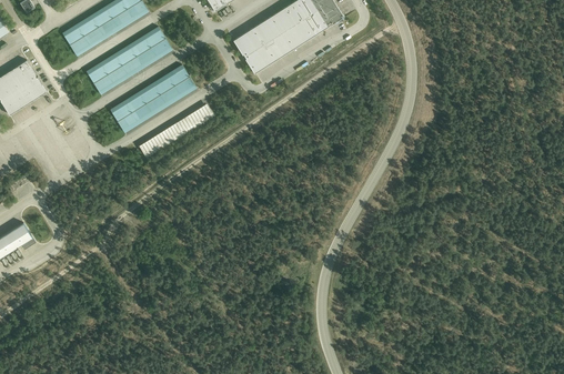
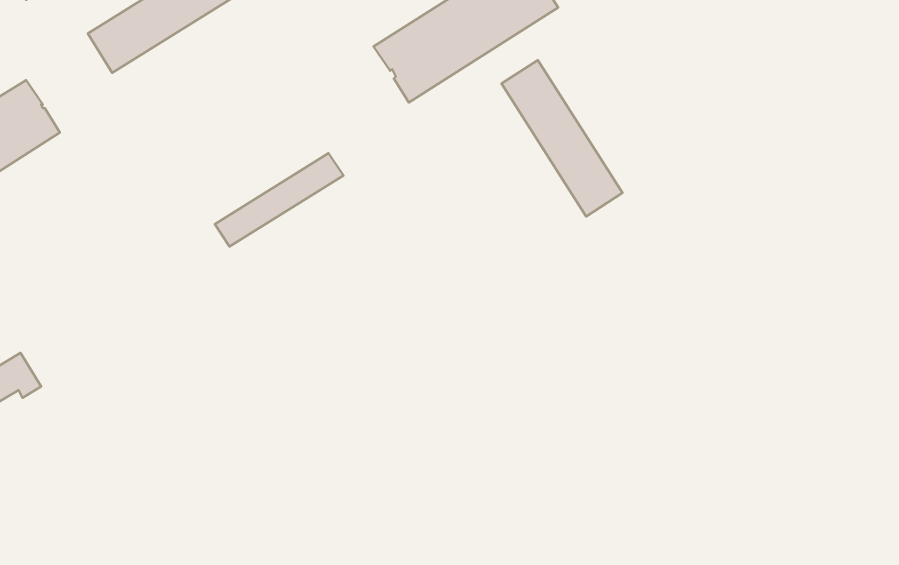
building: [85,27,172,94] -> none
building: none -> [501,60,622,216]
building: [110,65,195,133] -> none

